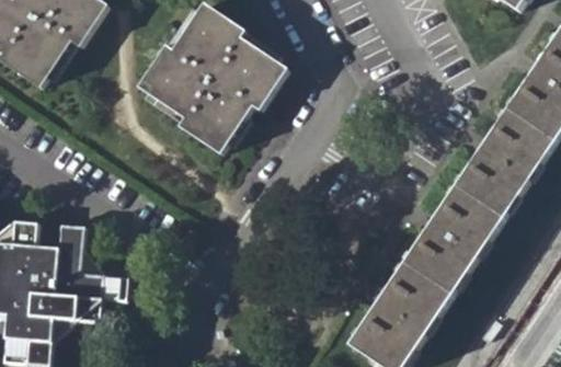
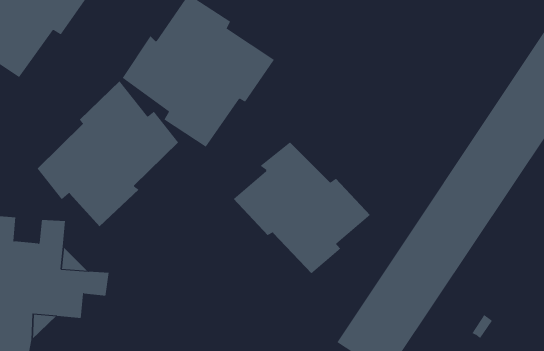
building: none -> [37,81,179,227]
building: none -> [233,142,371,274]

